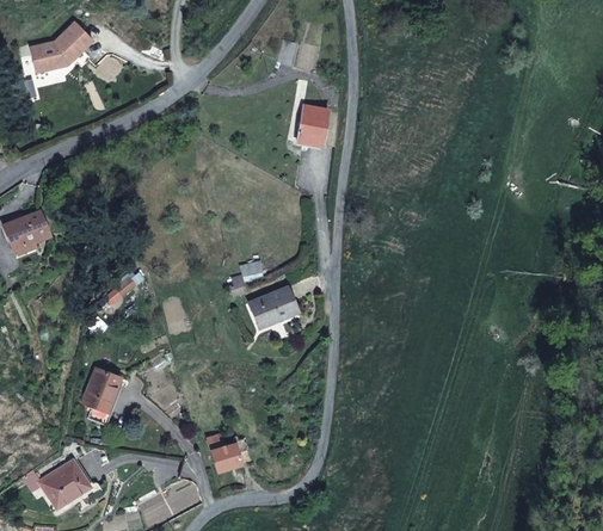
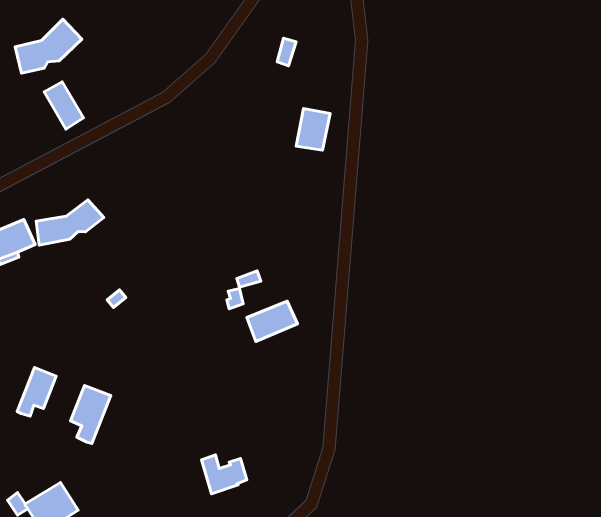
building: none -> [44,82,84,129]
building: none -> [36,200,104,245]
building: none -> [17,367,56,416]

